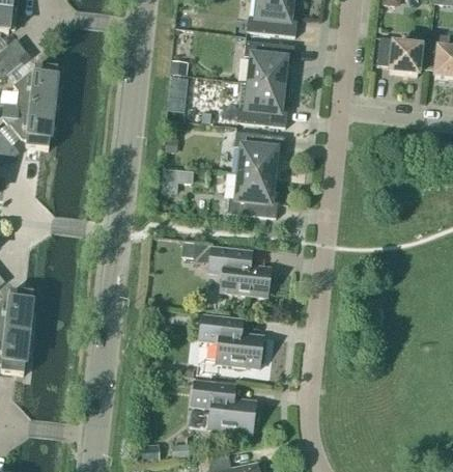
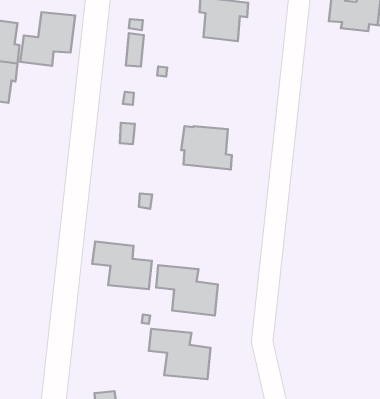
building: none -> [20,12,75,66]
building: [237,81,287,128] -> none
building: [234,132,285,176] -> none
building: [209,248,271,297] -> [92,242,152,289]

